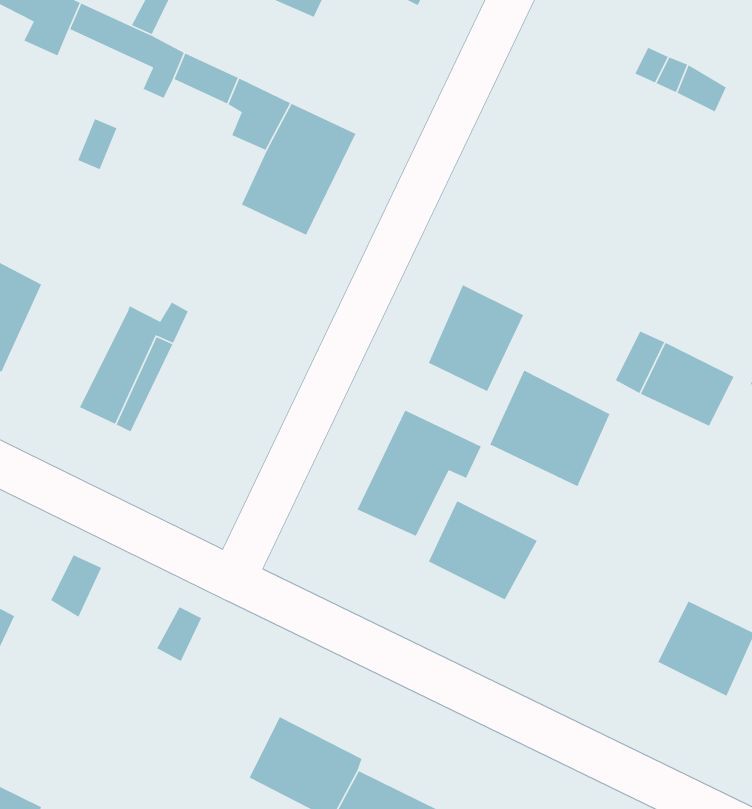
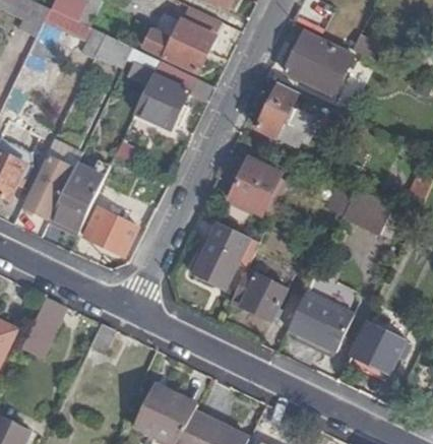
building: none -> [143,20,214,72]
building: none -> [287,33,353,96]
building: none -> [258,82,303,147]
building: none -> [22,157,73,220]
building: [489,370,611,487] -> [289,291,353,353]
building: none -> [82,220,134,256]

